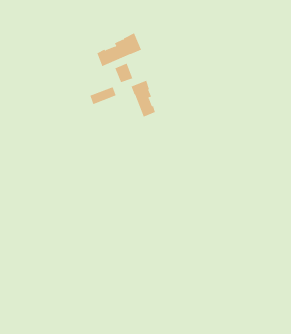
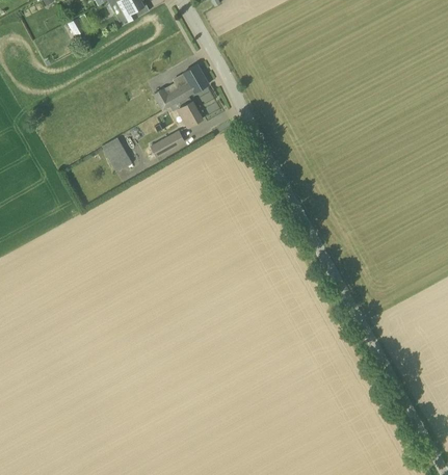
building: [131,80,156,118] -> none
building: none -> [101,136,132,171]

